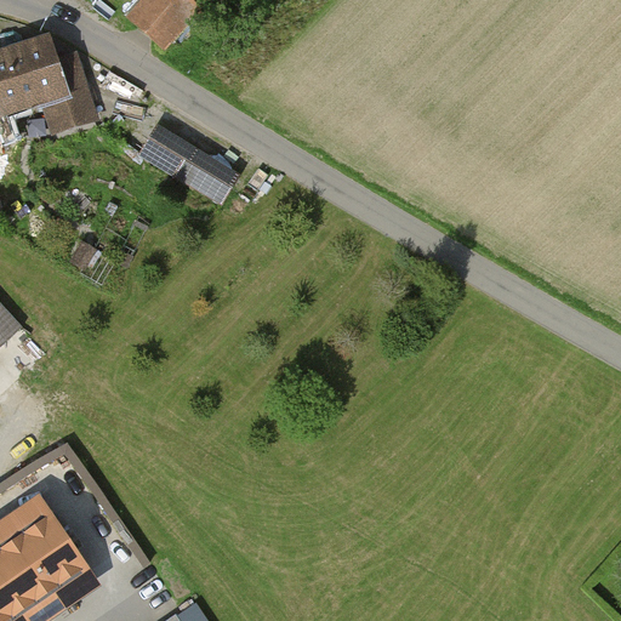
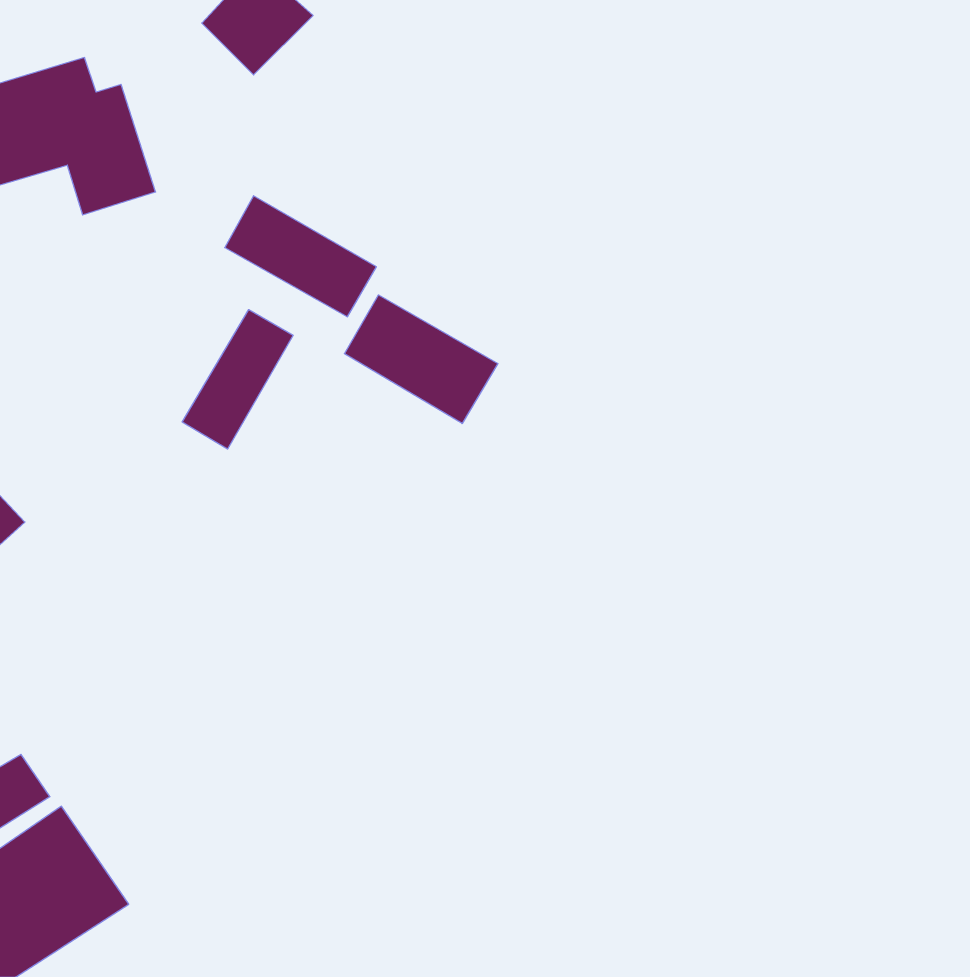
building: none -> [344,295,498,424]
building: none -> [182,310,293,449]

